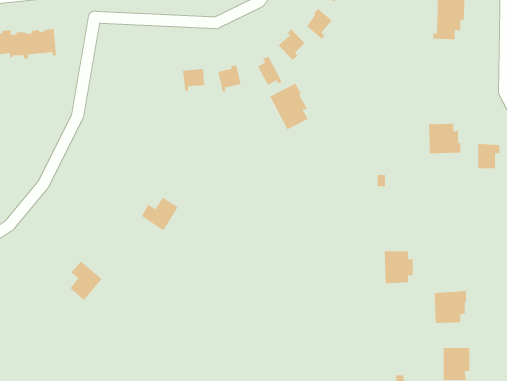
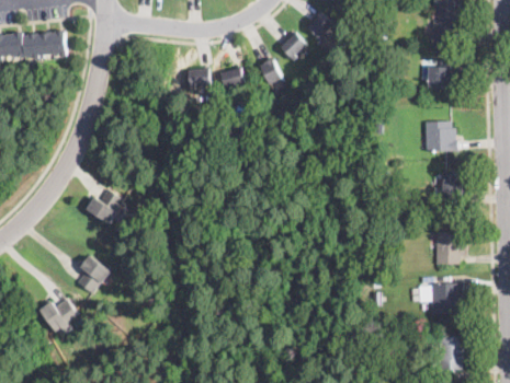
building: none -> [428,59,456,88]
building: [270,83,308,130] -> none
building: [478,144,500,169] -> [442,173,464,197]
building: [141,197,179,231] -> [87,188,123,221]
building: [384,251,413,284] -> [435,232,464,264]
building: none -> [39,298,79,332]

